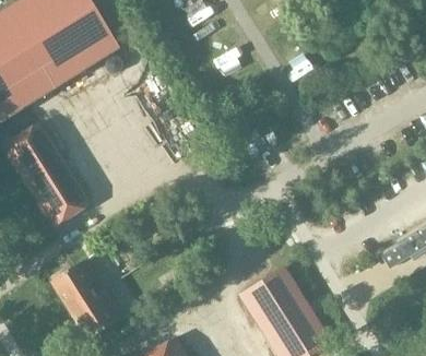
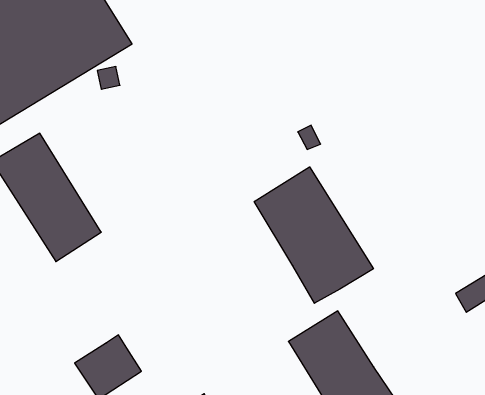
building: none -> [254,167,373,303]
building: [50,258,98,310] -> none

